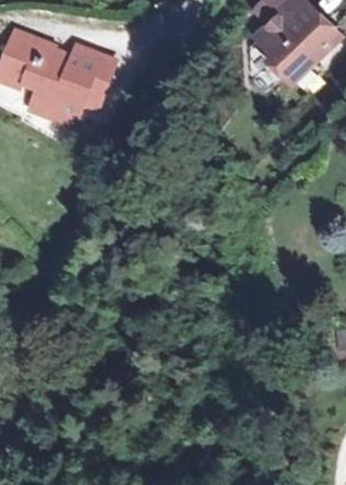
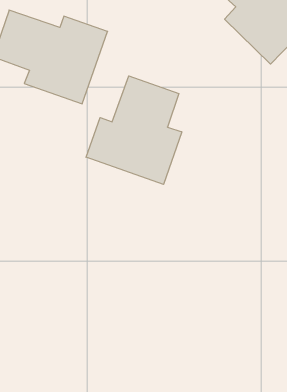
building: none -> [86,76,182,184]

